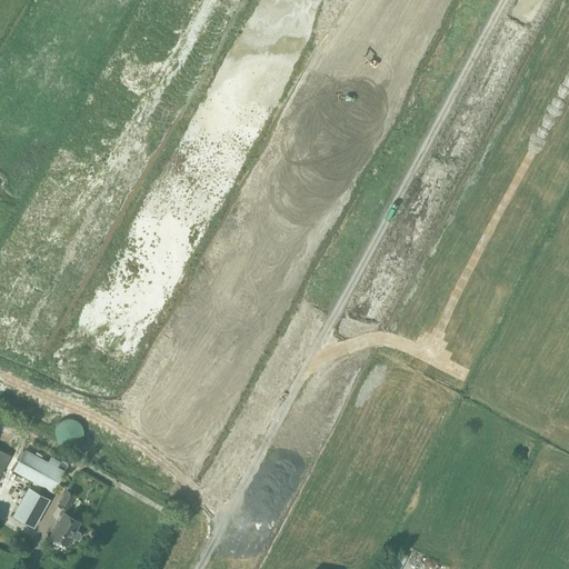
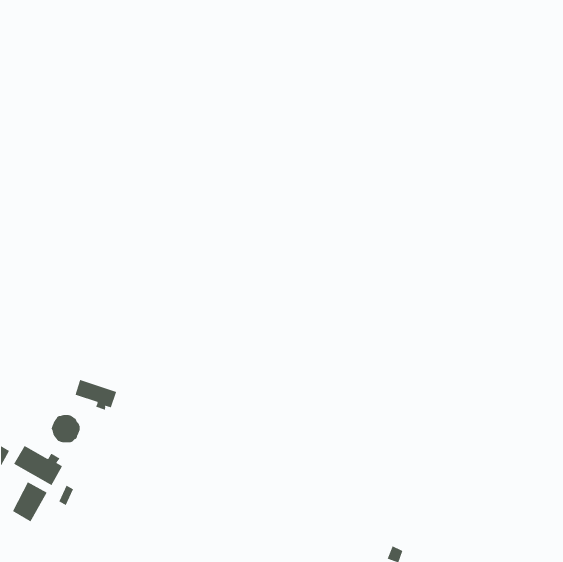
building: none -> [75,379,117,411]
building: [51,513,81,545] -> none

